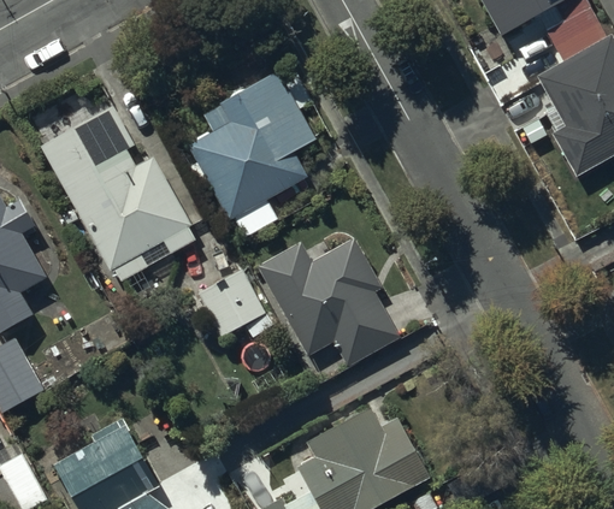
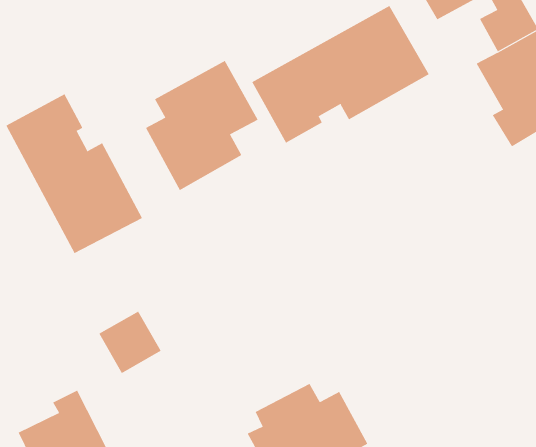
building: none -> [252,5,430,143]
building: [261,242,397,362] -> none
building: [196,272,262,338] -> [99,311,162,374]

